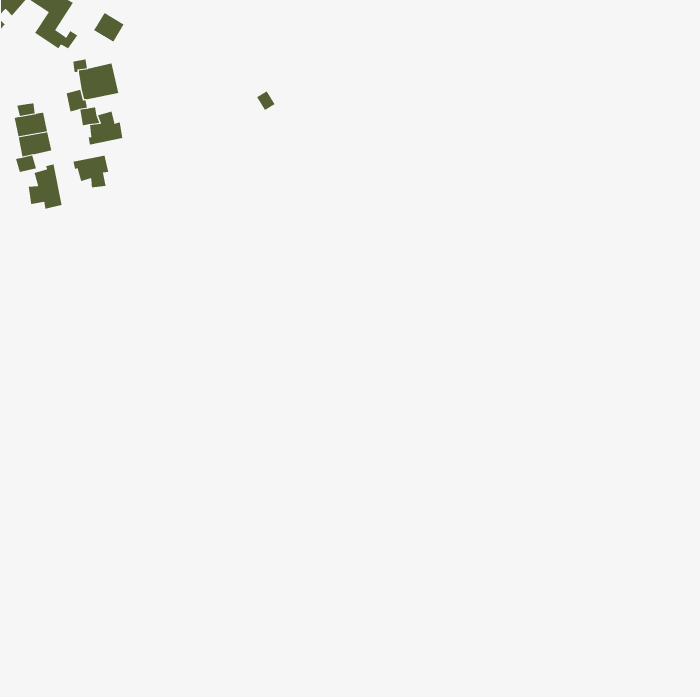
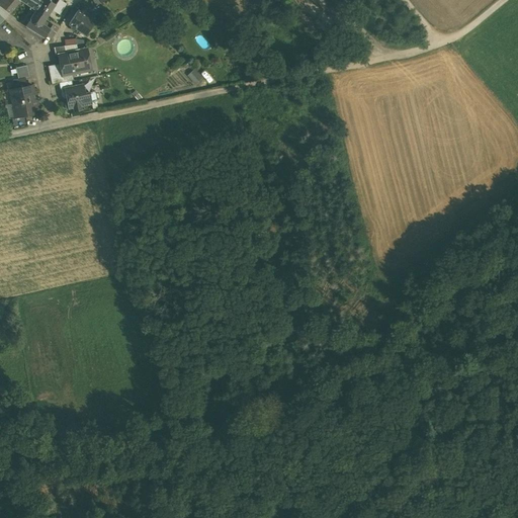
building: [73,155,109,188] -> none
building: [28,164,62,209] -> none

